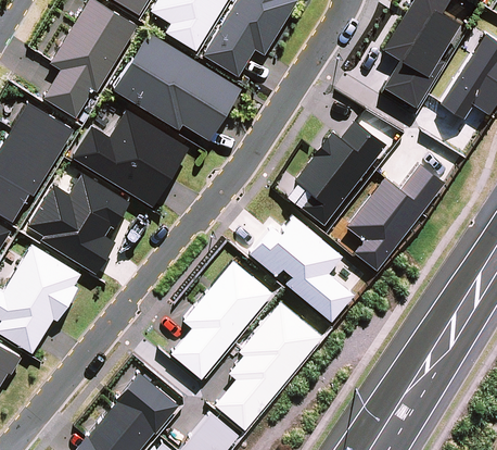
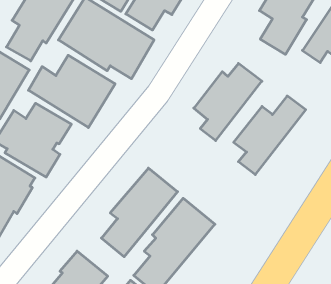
building: [250,216,354,322] -> none

